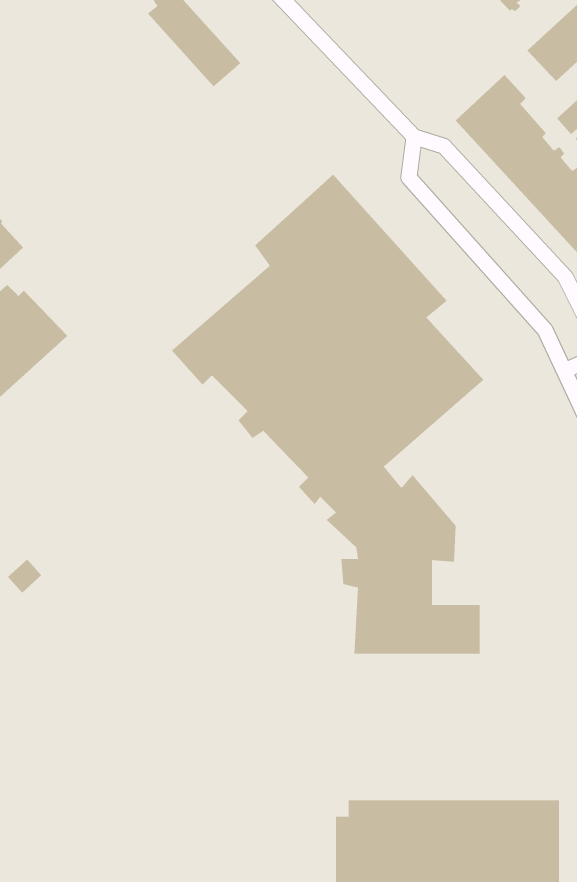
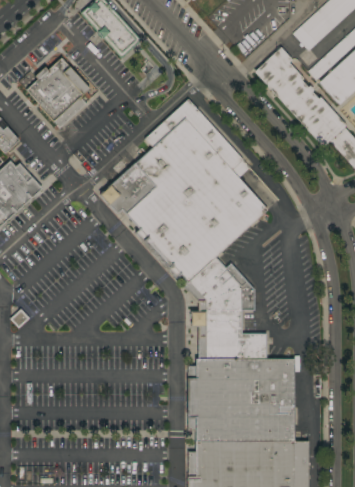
building: none -> [26,55,95,129]
building: none -> [187,361,295,440]

